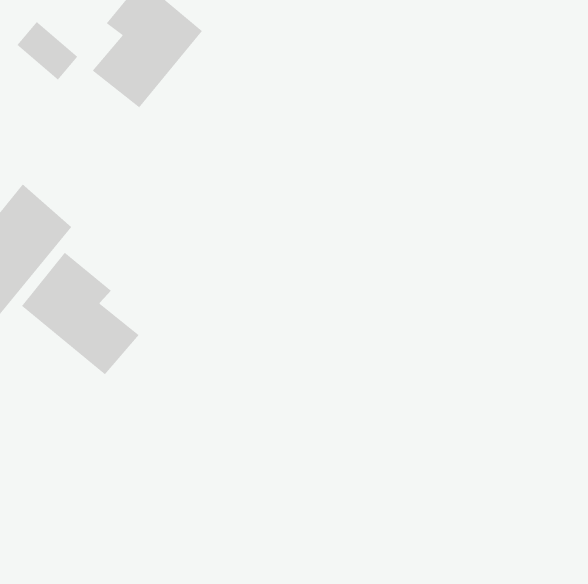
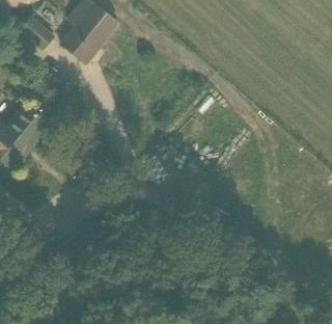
building: [21,252,139,375] -> none

